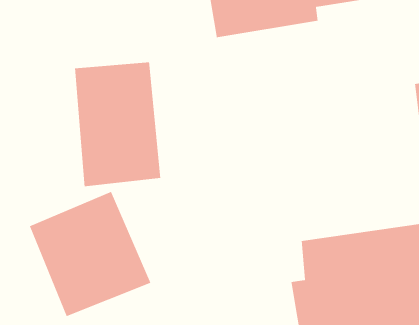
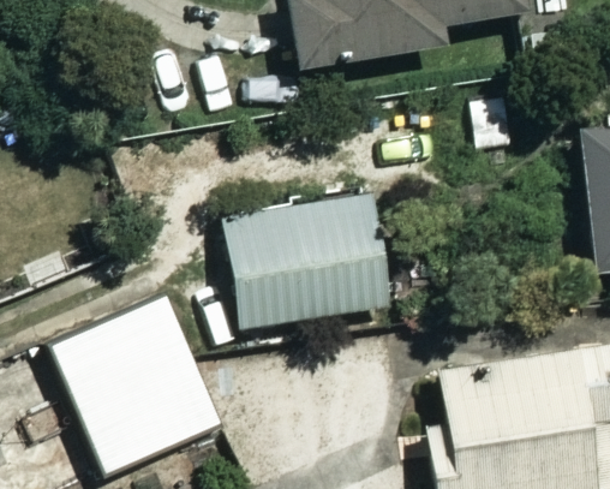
building: [74,61,161,187] -> none
building: none -> [233,203,391,327]

